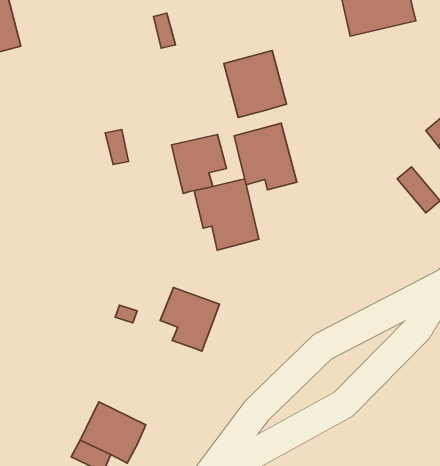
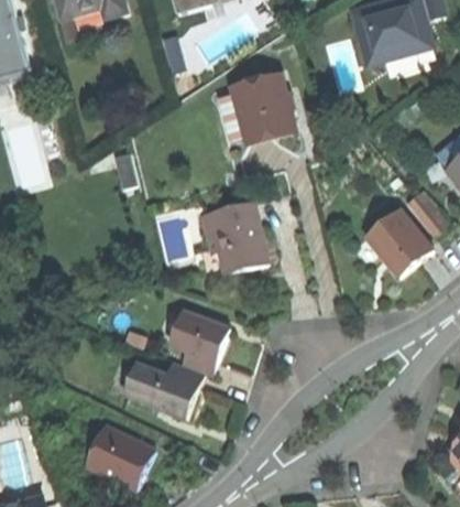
building: [234,123,297,190] -> none
building: [172,135,226,194] -> none
building: none -> [366,208,434,277]
building: none -> [125,362,204,418]

